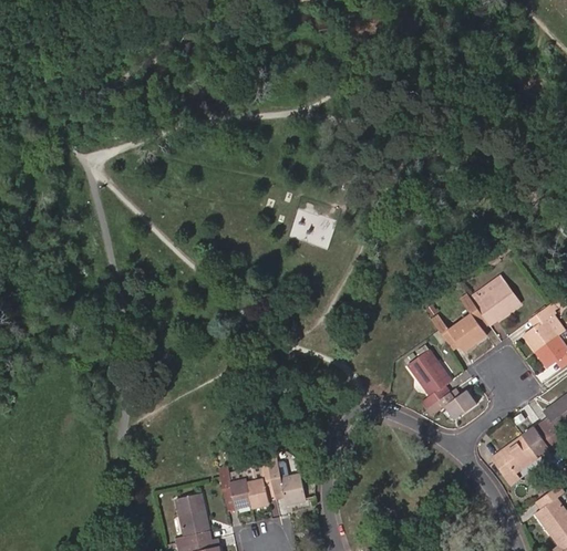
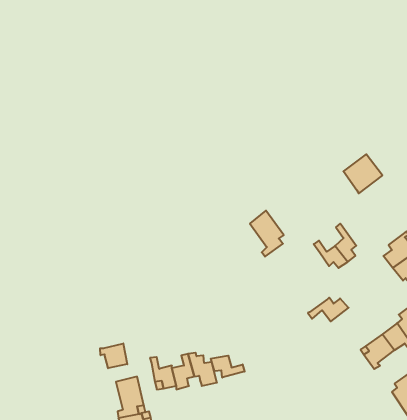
building: [470,276,520,326] -> [343,154,382,193]
building: [406,349,451,408] -> [250,211,284,257]
building: none -> [100,343,127,368]
building: none -> [211,356,245,378]

